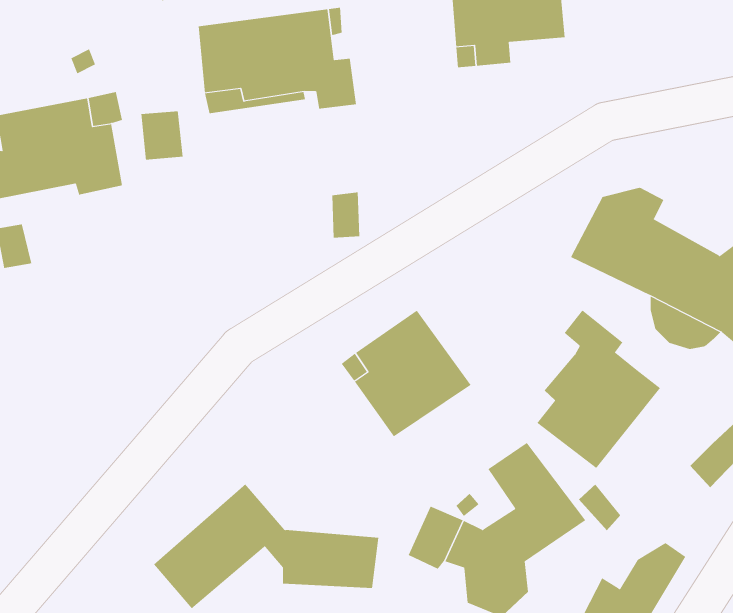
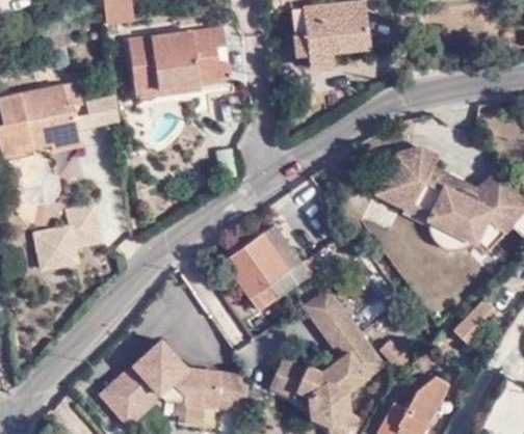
building: none -> [32,202,107,275]
building: [536,309,661,469] -> none
building: none -> [302,287,345,330]

